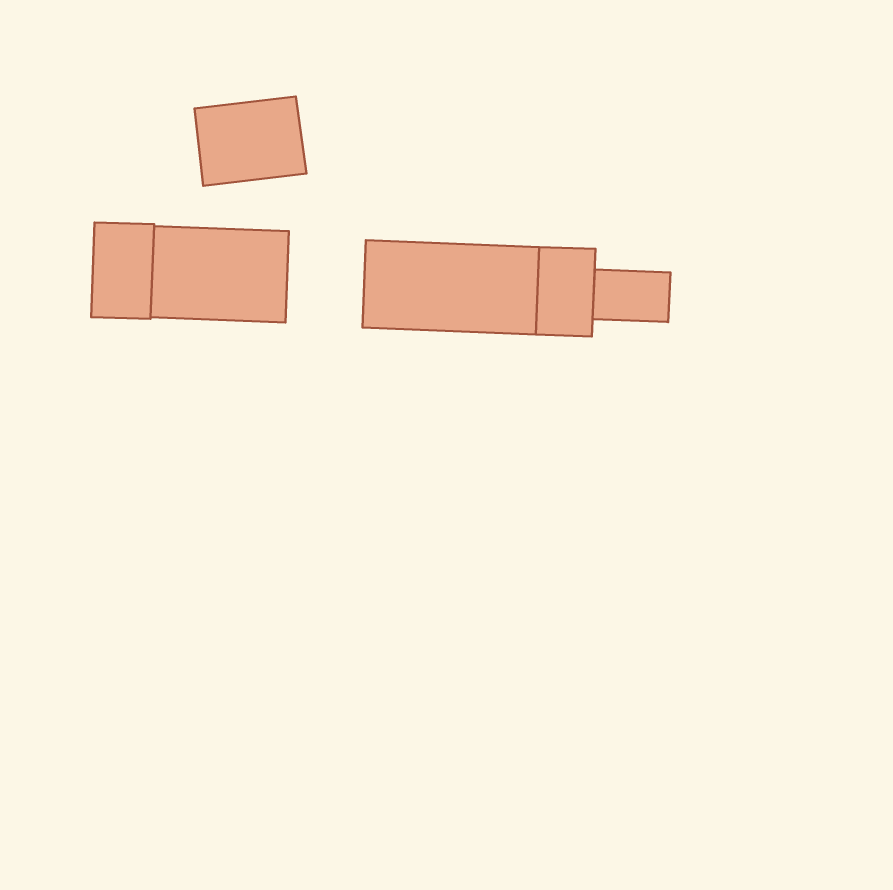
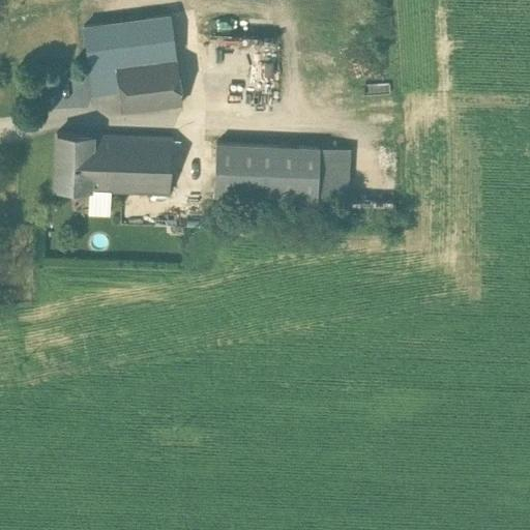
building: none -> [84,17,176,96]
building: [593,269,671,322] -> none

